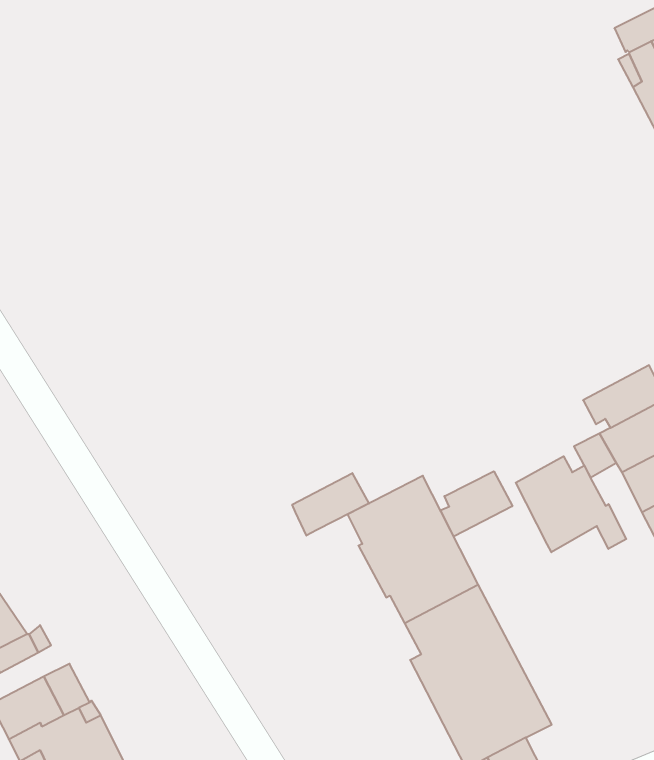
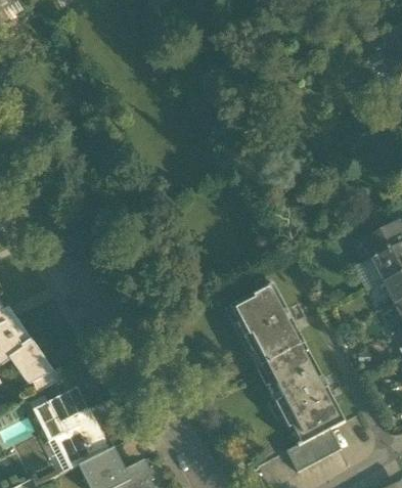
building: [516,456,626,552] -> none
building: [441,471,512,536] -> none
building: [292,473,369,536] -> none

